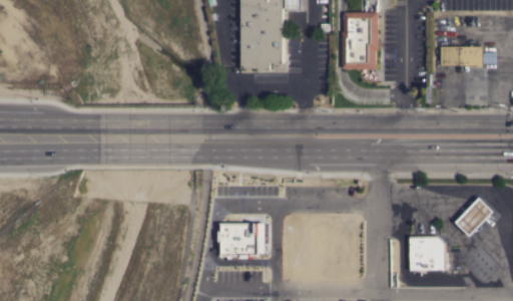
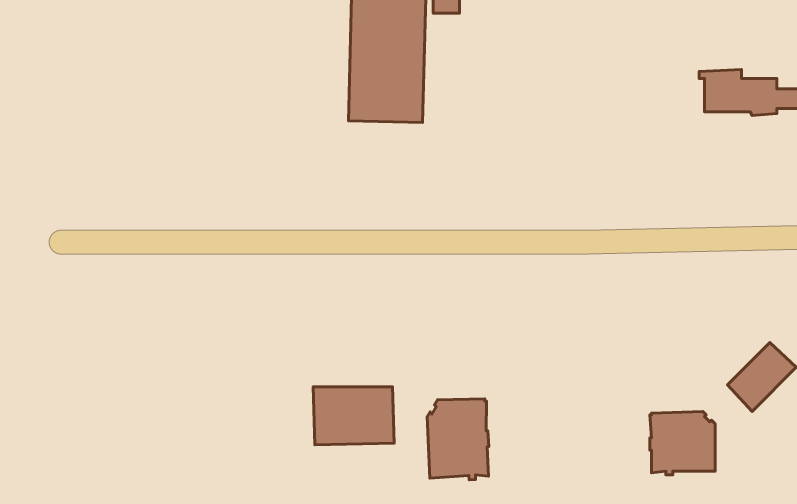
building: [342,12,379,68] -> none
building: none -> [427,399,489,480]

